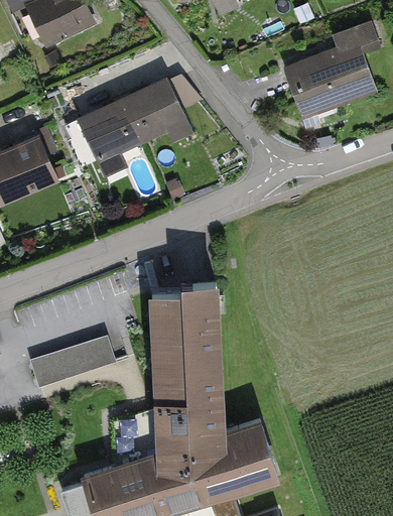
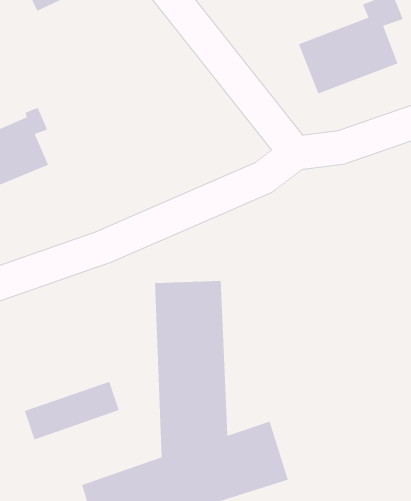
building: [78,78,193,176] -> none
building: [29,336,117,390] -> [24,381,120,440]

